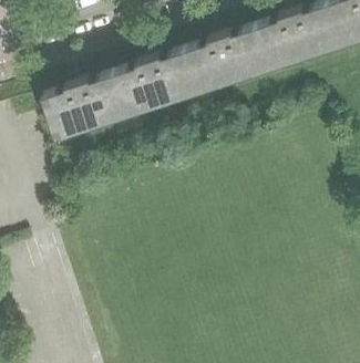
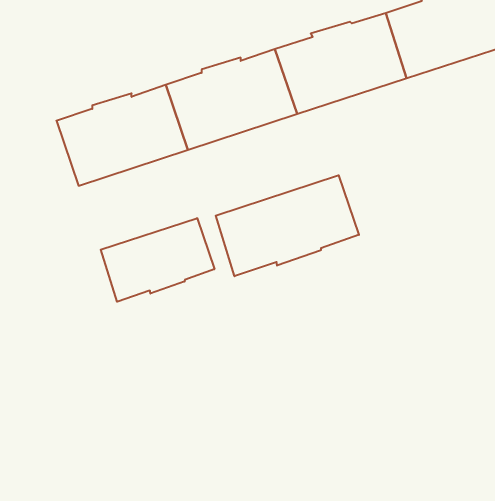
building: none -> [216,175,359,276]
building: none -> [101,218,214,302]

